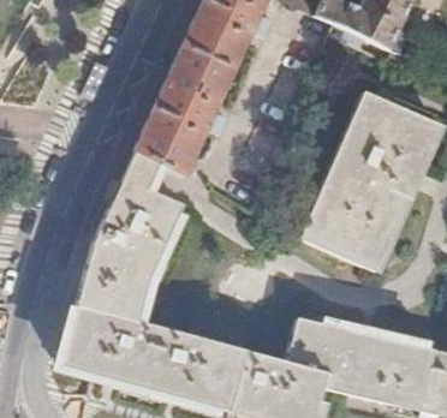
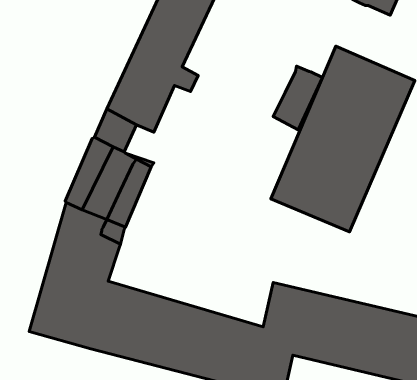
building: none -> [273,66,322,130]

